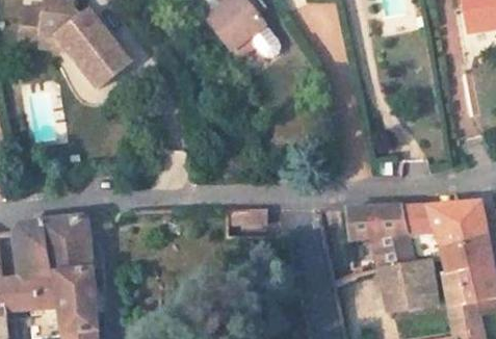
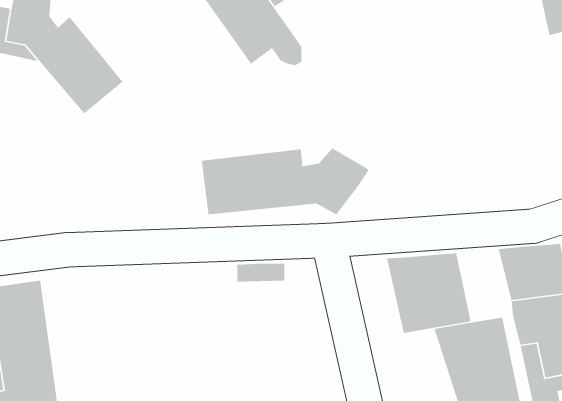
building: none -> [201,148,370,216]
building: [410,198,453,256] -> none

